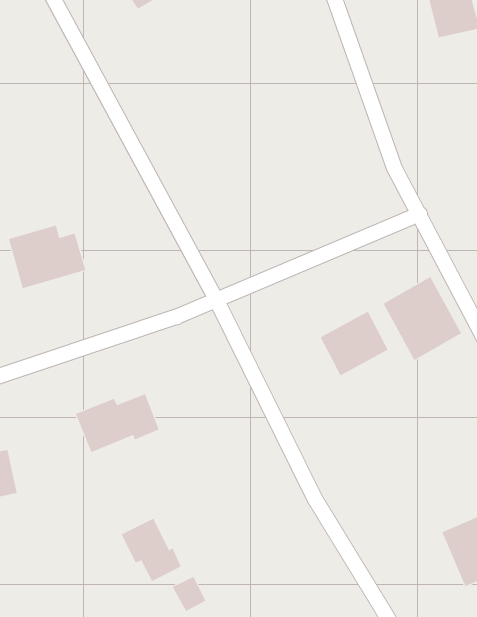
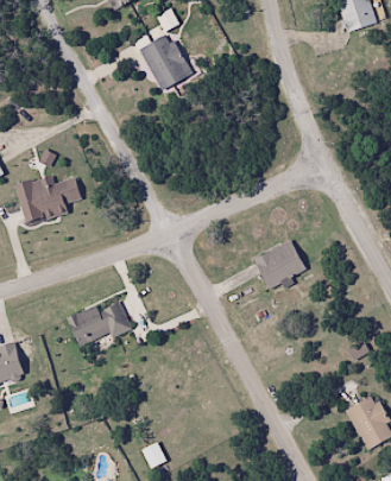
building: none -> [140,32,191,89]
building: [383,276,462,361] -> none
building: [121,518,182,582] -> none

